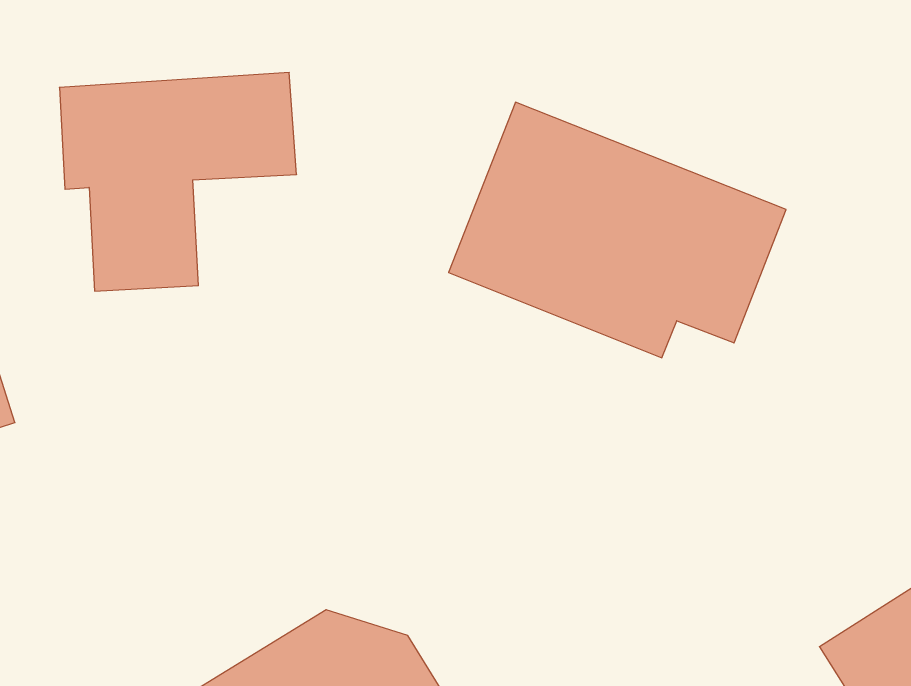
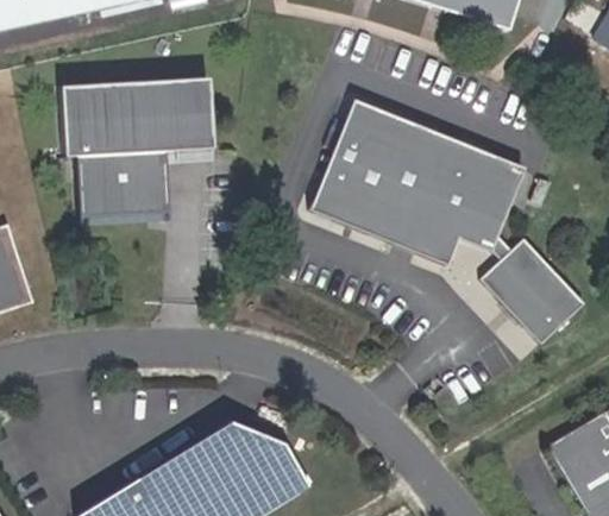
building: none -> [483,239,589,344]

